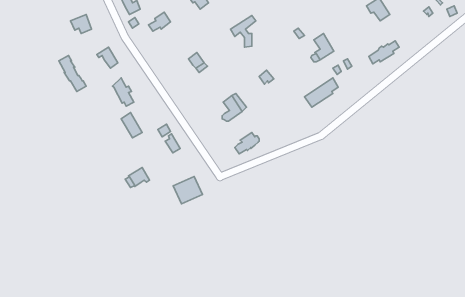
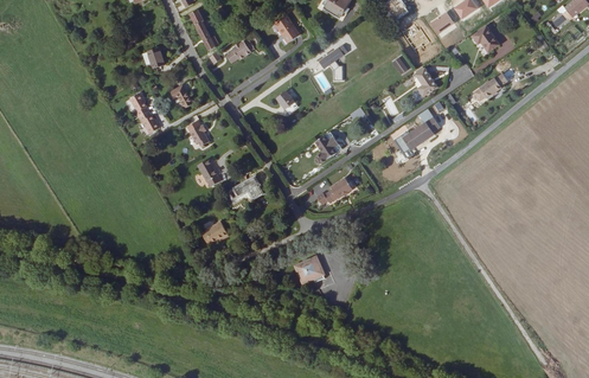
building: [173,176,203,204] -> [295,256,328,287]

